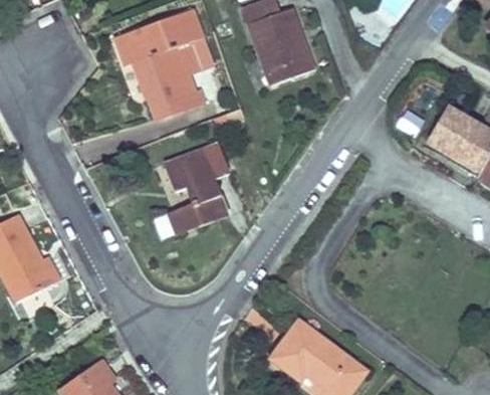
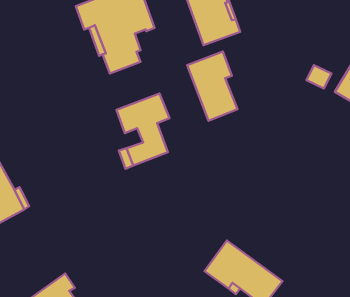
building: none -> [187,52,238,121]

